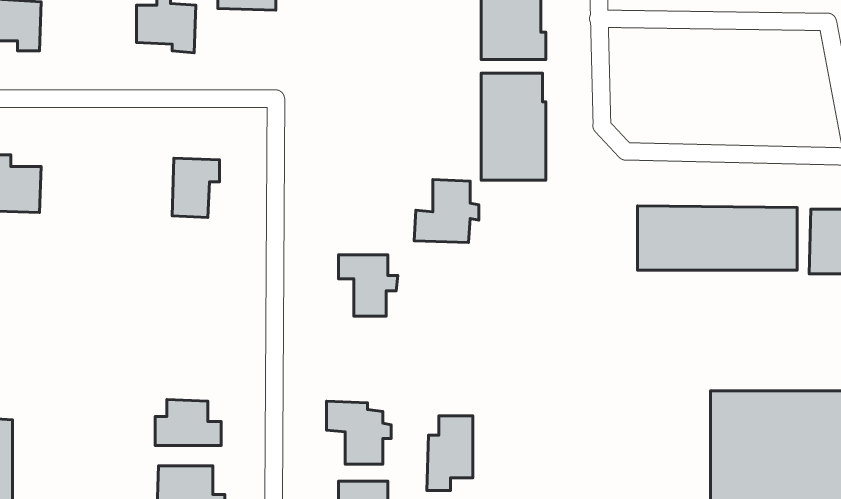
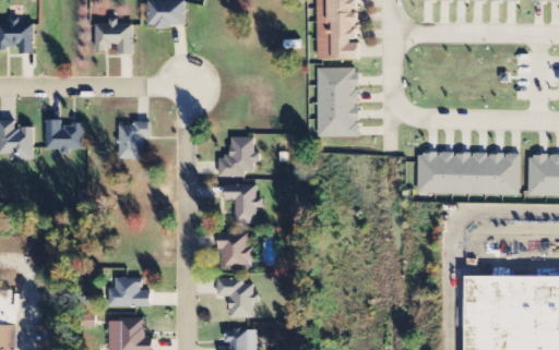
building: none -> [45,120,82,148]
building: [414,179,479,242] -> [218,136,260,177]
building: none -> [218,233,253,267]
building: [427,416,473,491] -> none

